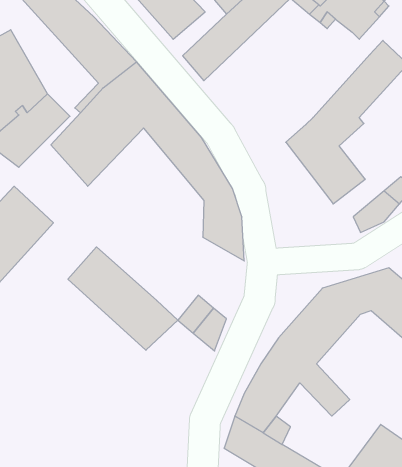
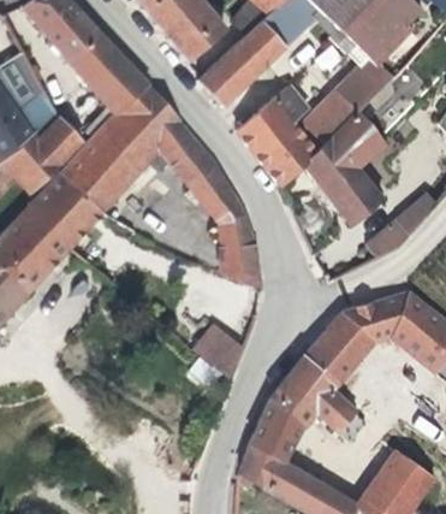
building: none -> [311,54,388,141]
building: none -> [234,78,323,185]
building: none -> [28,169,102,248]
building: [68,247,178,350] -> none

